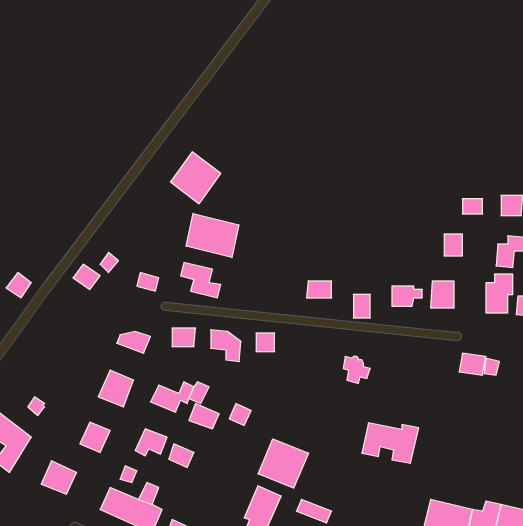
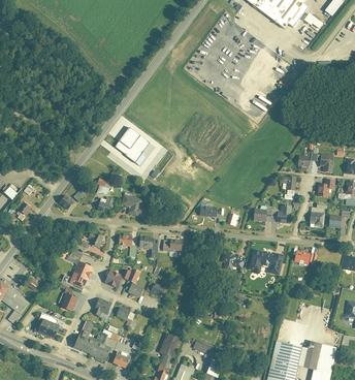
building: [186,213,239,258] -> none
building: [362,423,419,463] -> [248,250,283,275]
building: [258,439,309,488] -> none

